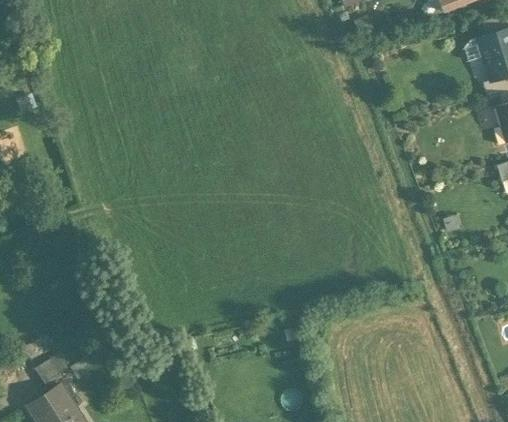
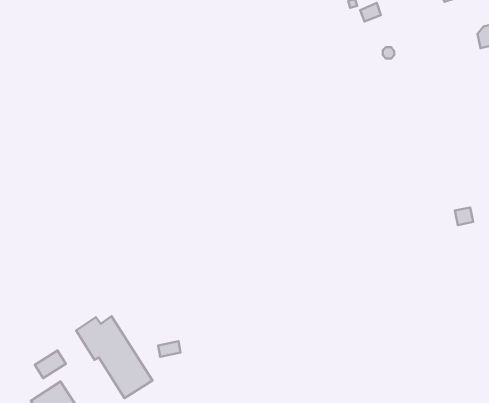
building: none -> [76,316,153,398]

